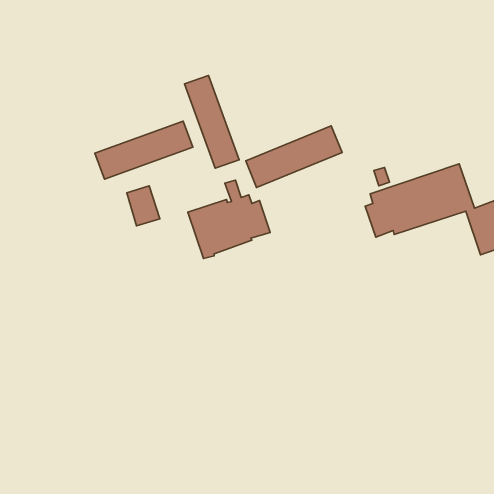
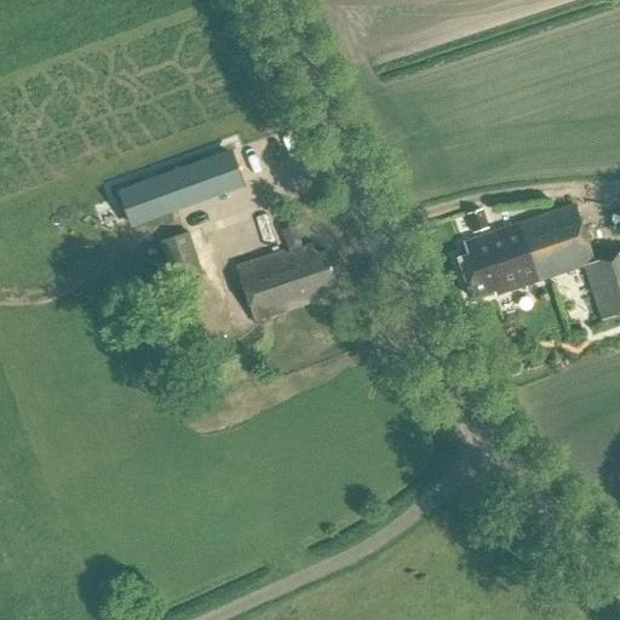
building: [185,75,239,168] -> none
building: [246,126,342,188] -> none

